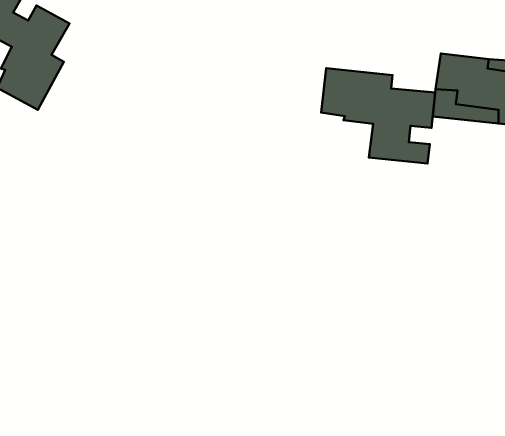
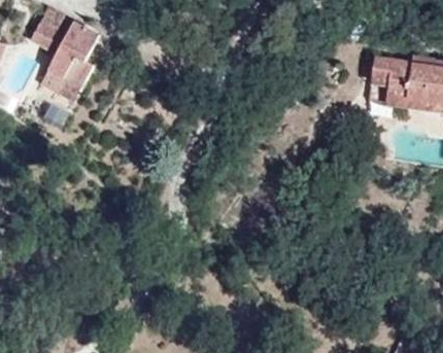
building: [321,68,435,164] -> none

